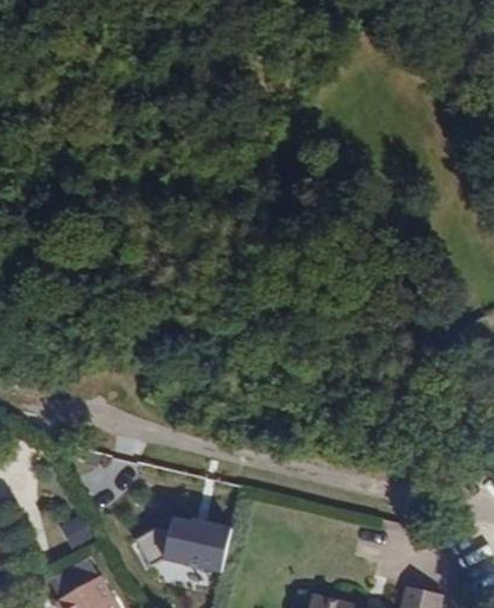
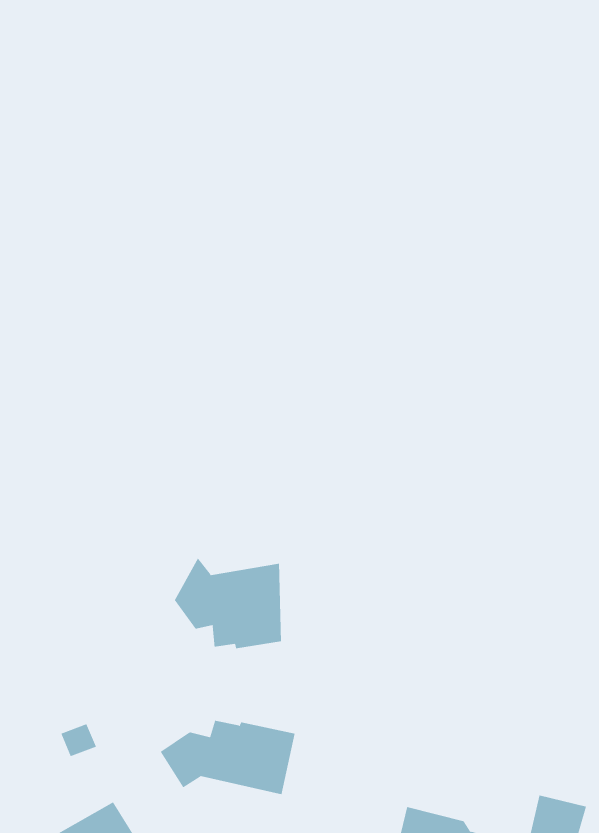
building: none -> [174,557,282,649]

